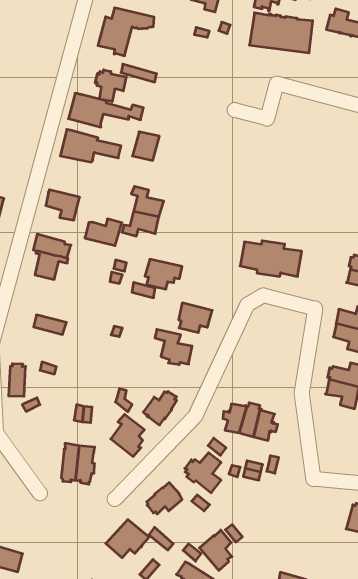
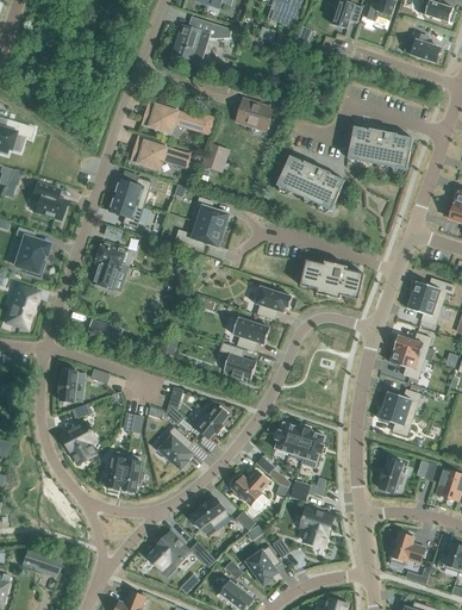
building: [249,13,313,53] -> [348,125,413,169]
building: [95,70,126,102] -> none
building: none -> [241,100,271,126]
building: none -> [277,155,345,208]
building: [85,219,122,246] -> [114,176,152,204]
building: [145,259,182,289] -> [255,286,293,317]
building: none -> [62,421,98,462]
building: none -> [380,456,404,492]
building: none -> [301,506,333,546]

